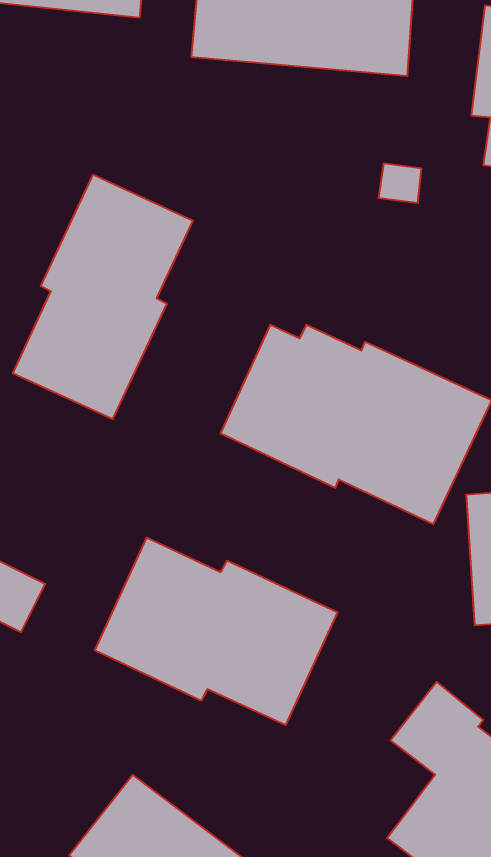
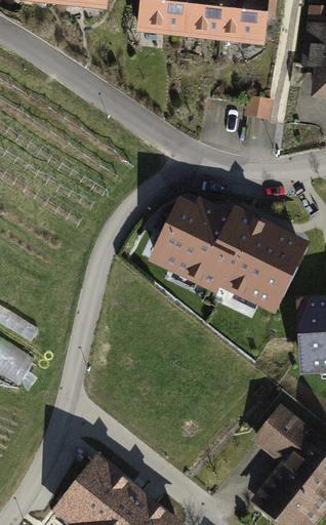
building: [13,175,193,419] -> none
building: [95,537,337,725] -> none

